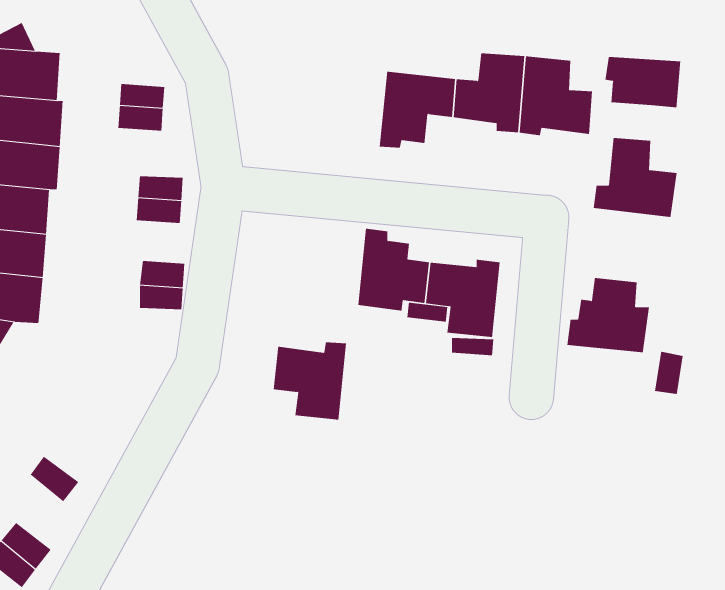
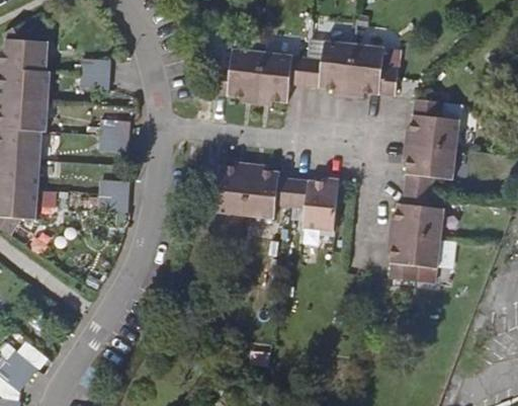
building: [605,56,681,108] -> none
building: none -> [213,51,264,103]
building: none -> [399,144,451,192]
building: [273,342,347,420] -> [201,156,250,208]
building: none -> [381,234,433,280]

